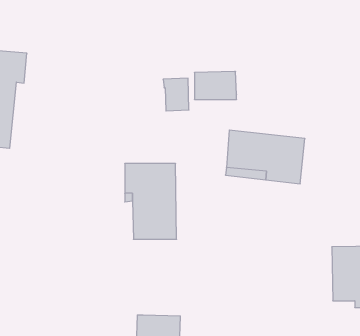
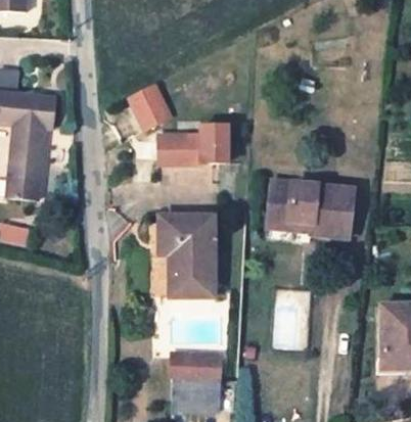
building: none -> [129,84,169,128]
building: [194,72,237,99] -> [158,135,203,165]
building: none -> [179,356,220,378]

